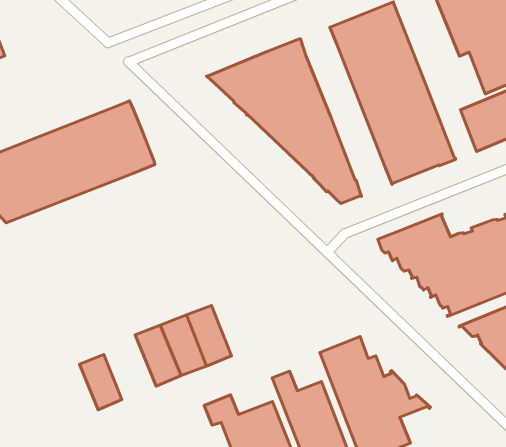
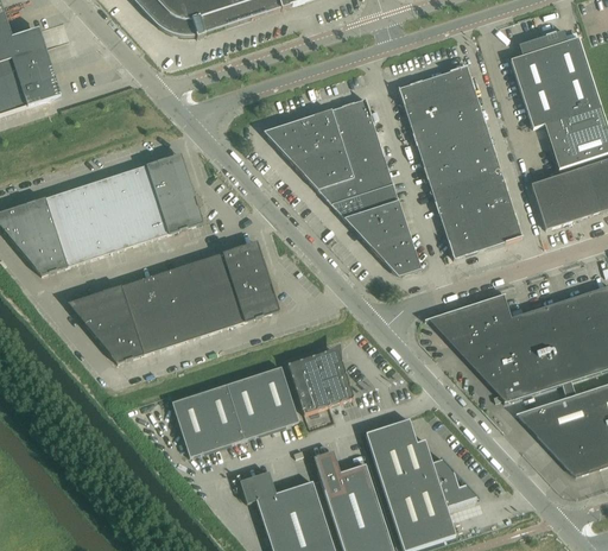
building: none -> [68,241,279,362]
building: none -> [287,350,354,414]
building: none -> [254,366,299,430]
building: [80,354,122,410] -> none

